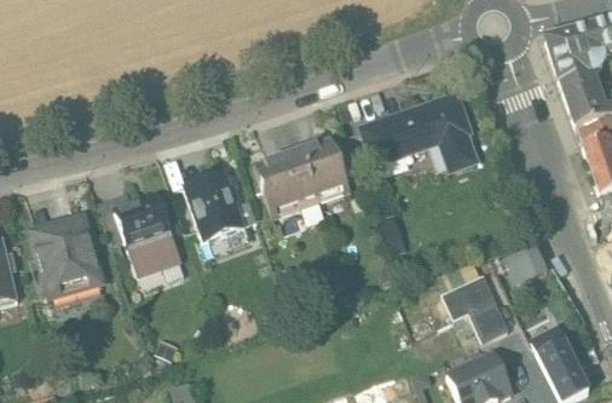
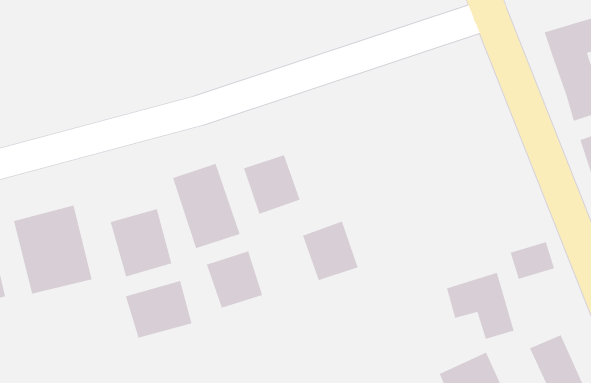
building: [368,86,479,169] -> none
building: [293,143,348,202] -> [302,221,358,281]
building: none -> [206,250,263,309]
building: none -> [125,280,192,339]

